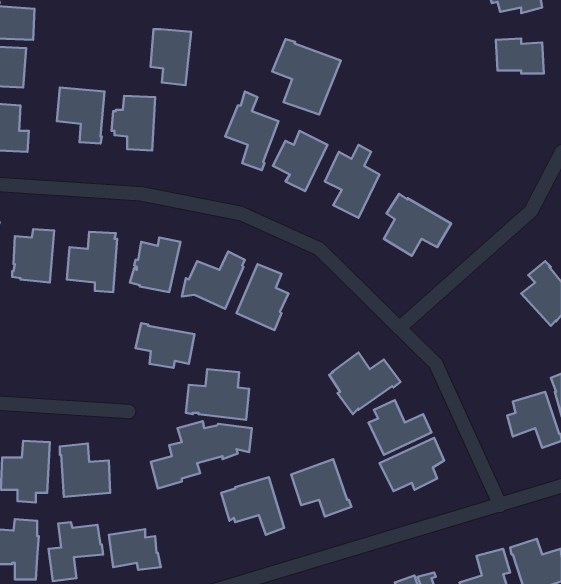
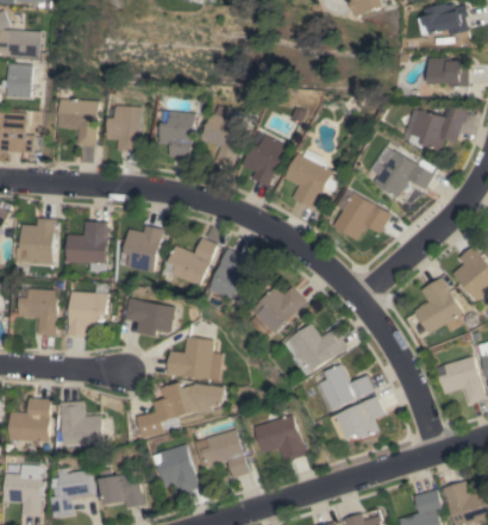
building: [151,29,191,85] -> [159,111,194,158]
building: [272,39,341,114] -> none
building: none -> [408,102,467,151]
building: none -> [373,146,433,198]
building: none -> [414,276,463,333]
building: none -> [251,286,308,340]
building: none -> [18,287,57,336]
building: none -> [67,290,107,336]
building: none -> [159,444,200,493]

